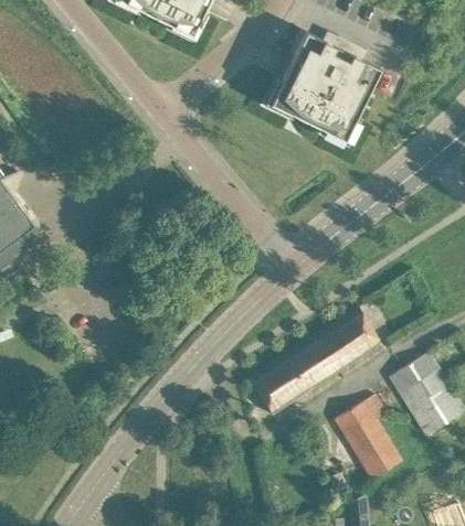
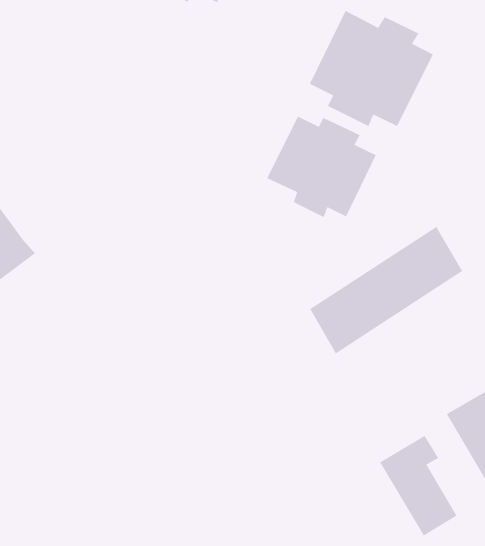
building: none -> [266,115,377,218]
building: [250,308,380,417] -> [309,225,463,355]

